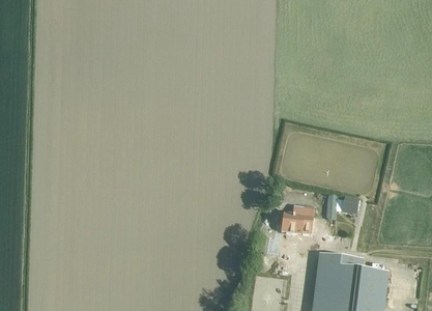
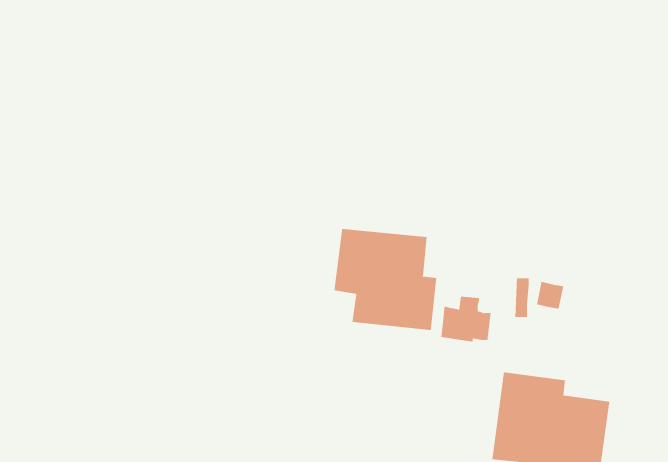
building: none -> [334,228,437,331]

